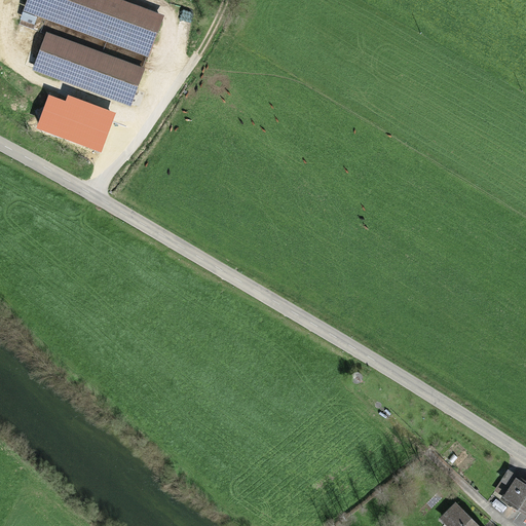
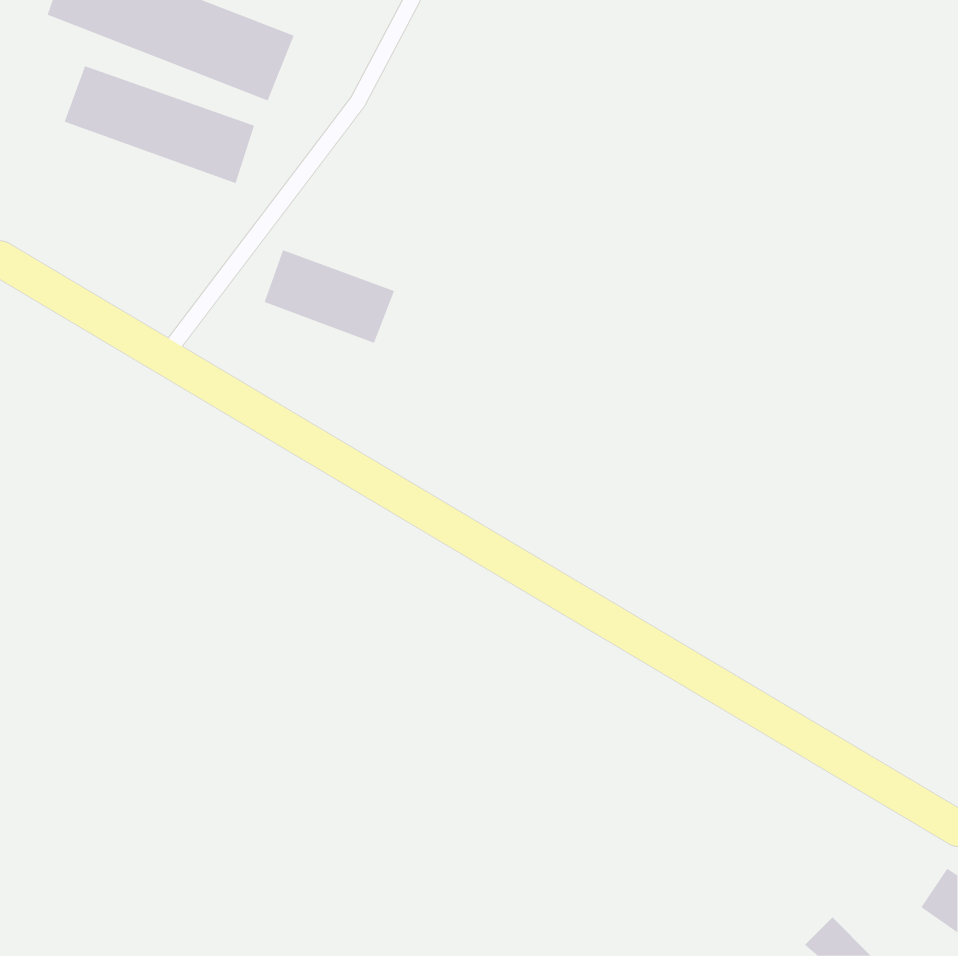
building: [39,97,111,148] -> [264,250,395,343]

